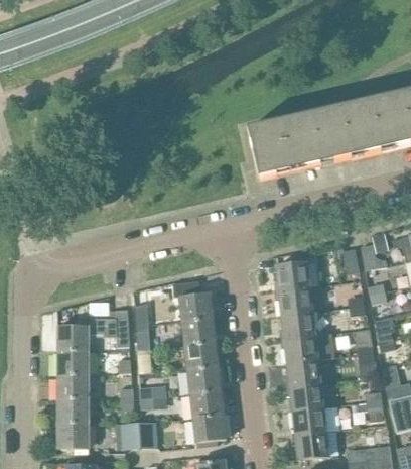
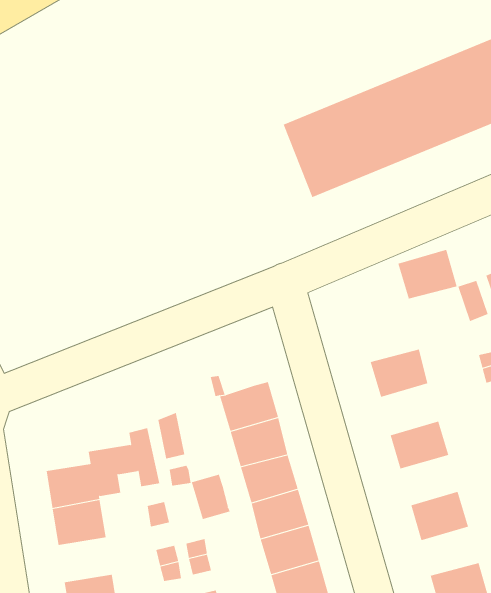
building: [274,261,310,289] -> [398,249,458,299]
building: [280,310,315,339] -> none
building: none -> [191,474,230,520]
building: [285,358,320,386] -> none
building: [56,375,89,399] -> none
building: [291,406,326,434] -> none

